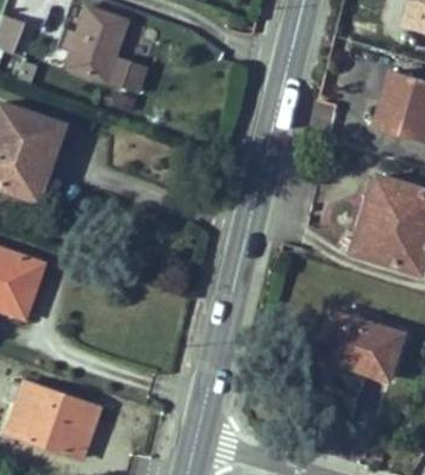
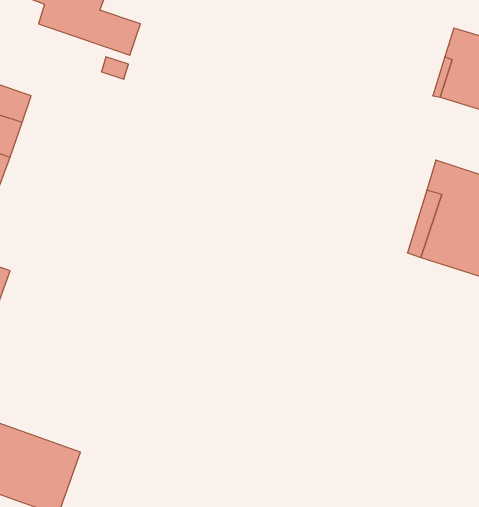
building: [319,311,405,379] -> none

